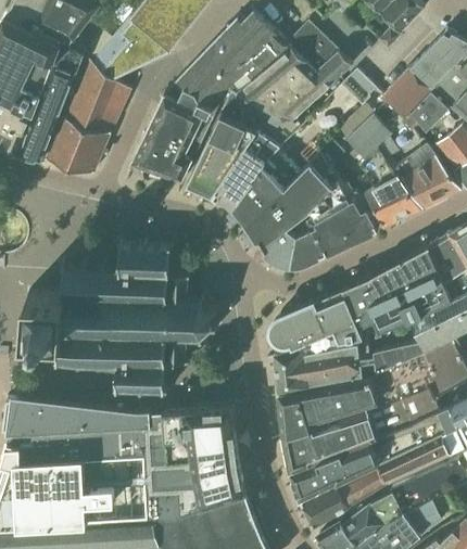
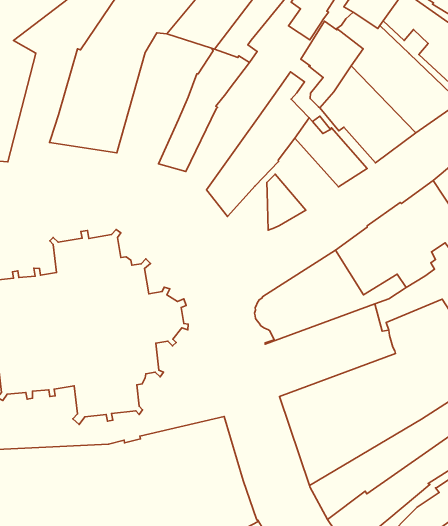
building: [187,93,272,197] -> none
building: [234,151,298,225] -> none
building: [306,195,353,253] -> none
building: [261,228,295,265] -> none
building: [274,337,374,392] -> none

